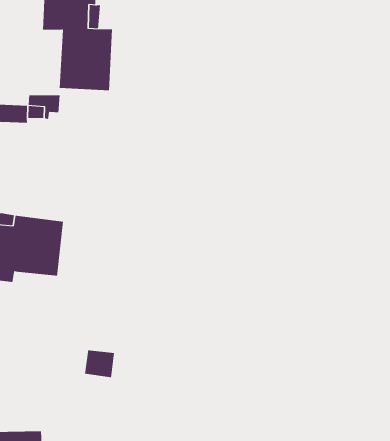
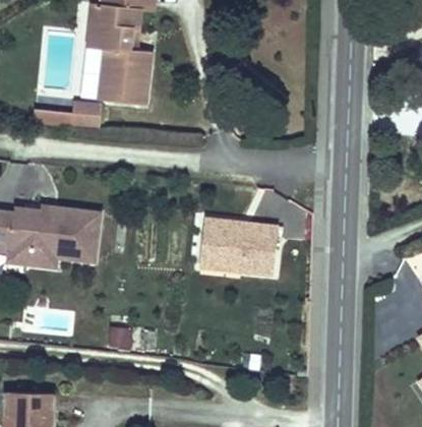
building: none -> [201,221,275,277]

